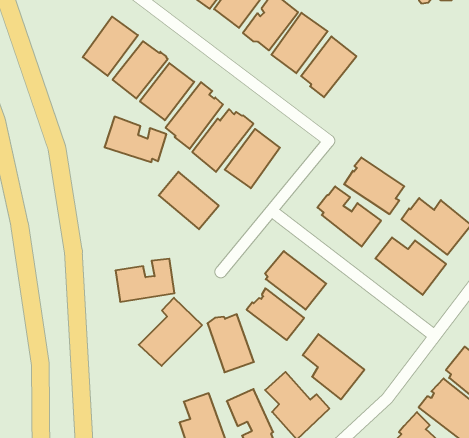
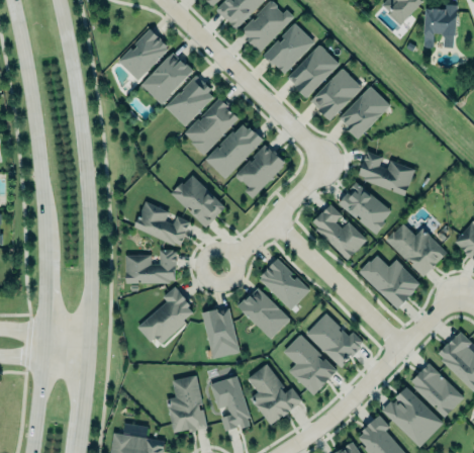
building: none -> [341,87,391,141]
building: [104,117,166,162] -> [134,201,191,246]
building: none -> [358,150,414,194]
building: none -> [305,313,365,367]

